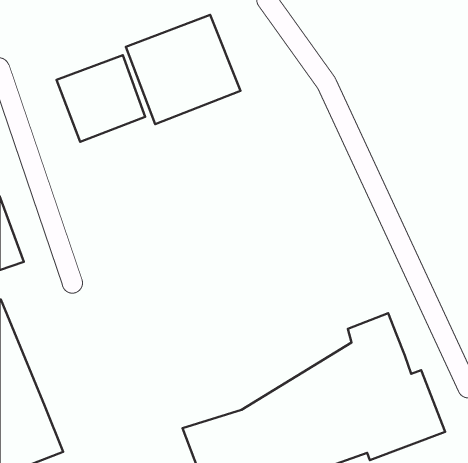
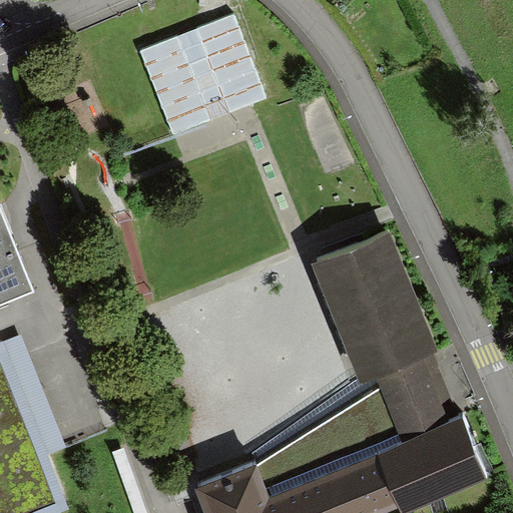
building: [57,55,145,142] -> none
building: none -> [319,236,433,374]

